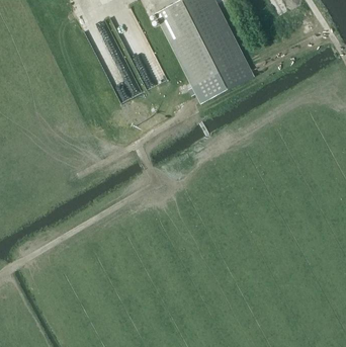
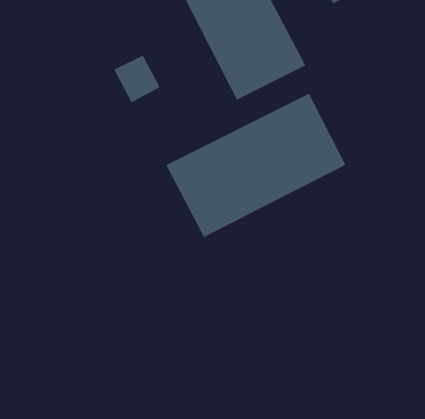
building: none -> [166,93,346,238]

